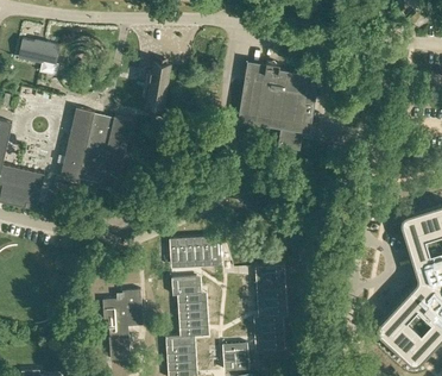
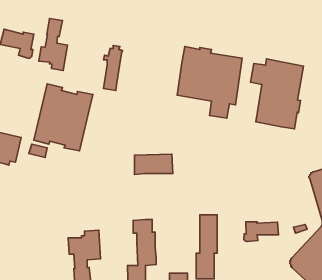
building: none -> [39,18,68,71]
building: none -> [251,59,303,129]
building: [182,238,229,263] -> [134,154,173,174]
building: none -> [244,222,279,241]

